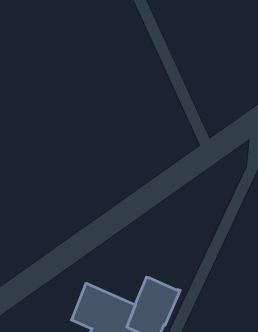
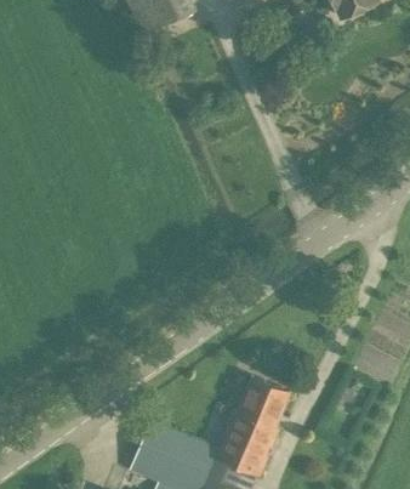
building: none -> [235,377,289,431]

